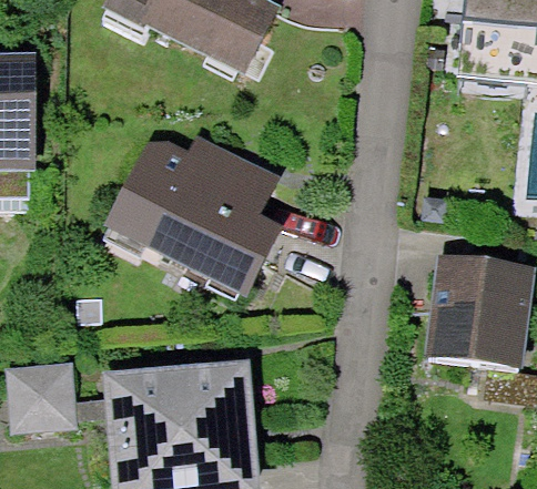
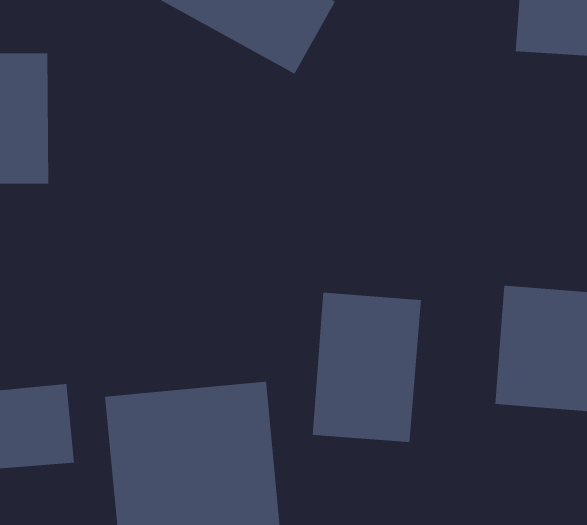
building: [92,121,291,302] -> none
building: none -> [312,292,421,443]

